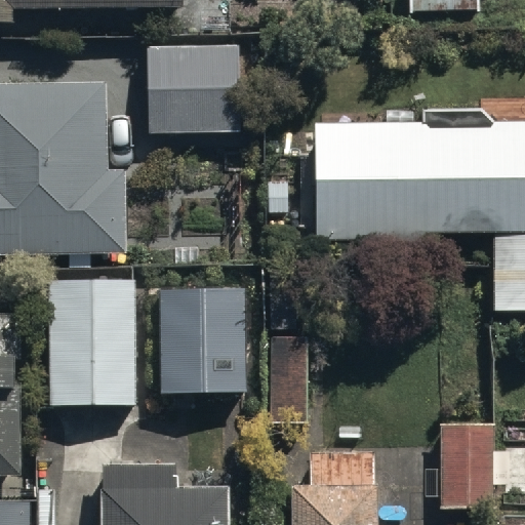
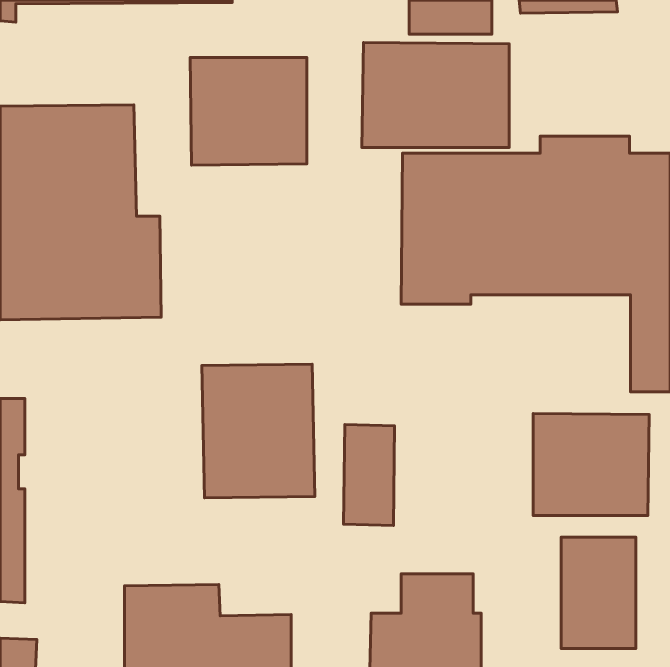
building: none -> [362,43,509,148]
building: [48,278,134,404] -> none
building: none -> [533,413,649,516]

